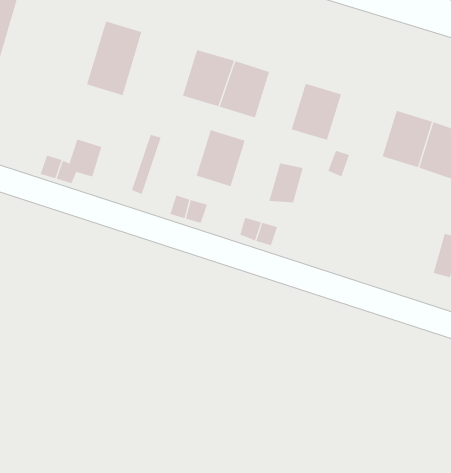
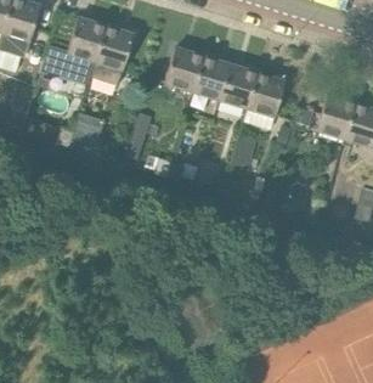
building: none -> [41,17,106,84]
building: [196,129,245,187] -> [220,64,258,108]

